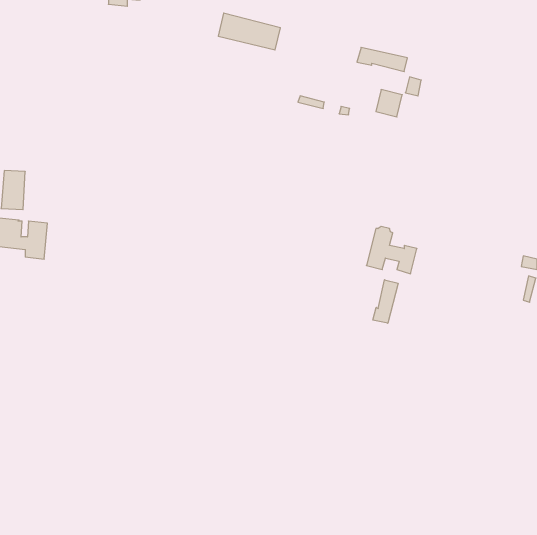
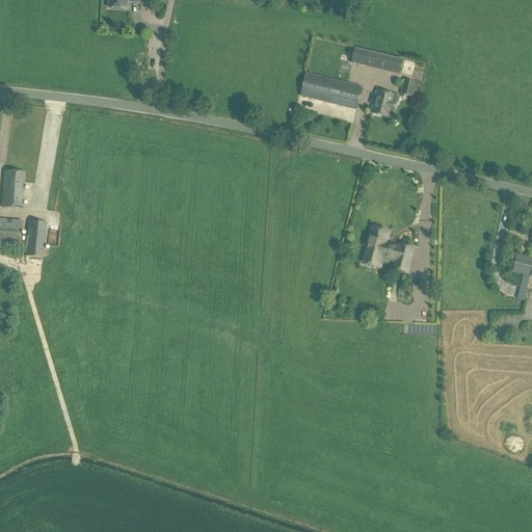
building: [218,13,280,50] -> [300,71,362,107]
building: [373,280,398,323] -> none

